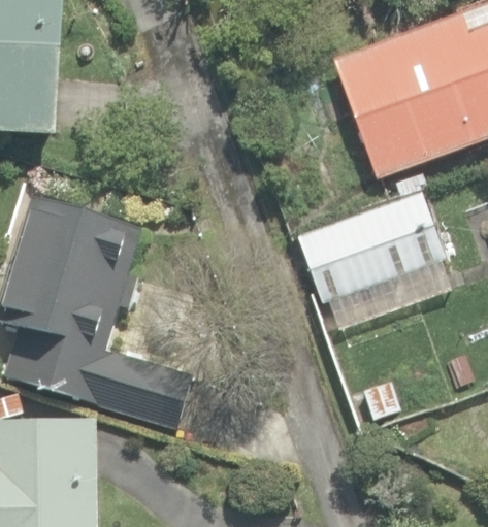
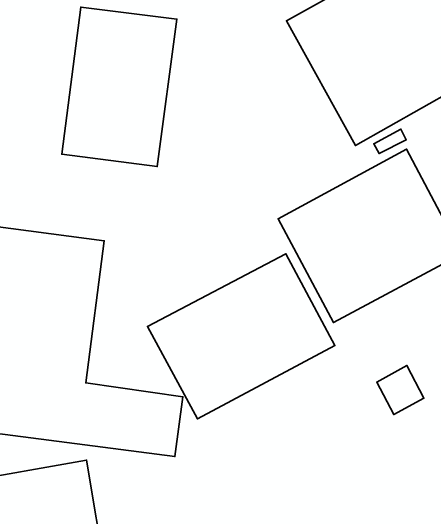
building: none -> [62,7,177,166]
building: none -> [148,254,335,419]

